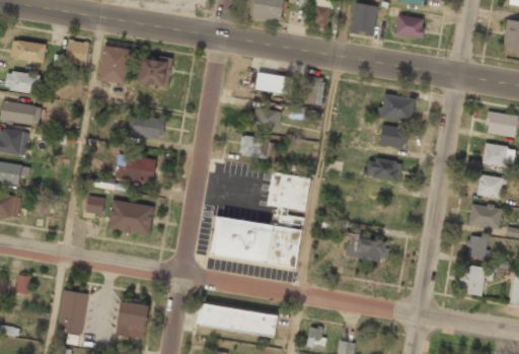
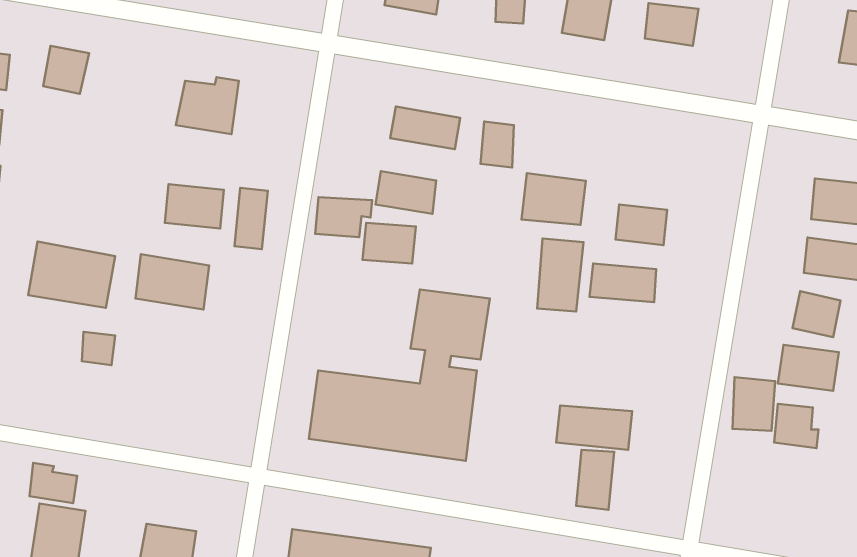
building: [100,46,130,83] -> none
building: [379,93,415,122] -> [521,173,586,225]
building: none -> [234,188,268,249]
building: none -> [315,197,372,237]
building: none -> [537,239,584,312]
building: [107,199,155,235] -> [28,242,115,308]
building: none -> [576,450,614,510]
building: [461,265,485,294] -> [733,377,775,431]
building: none -> [29,463,77,503]

